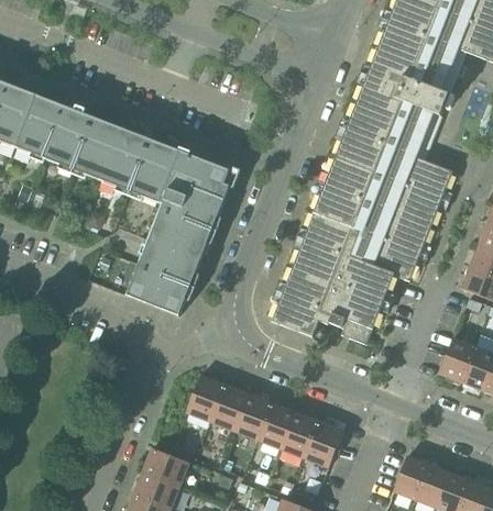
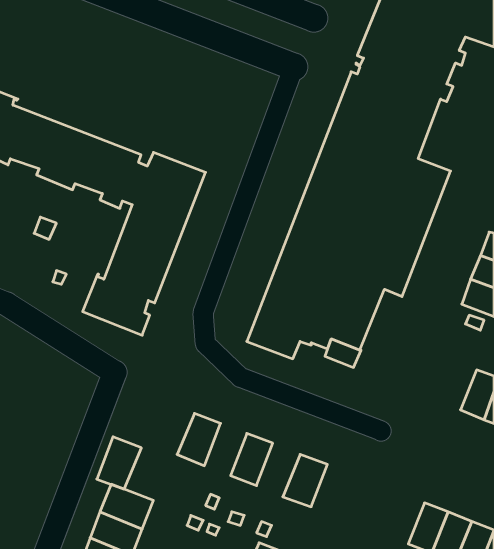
building: [439,336,475,380] -> none
building: [186,374,226,420] -> [97,437,141,489]
building: [234,392,272,438] -> none
building: [281,410,319,457] -> none
building: [393,454,429,499] -> none

